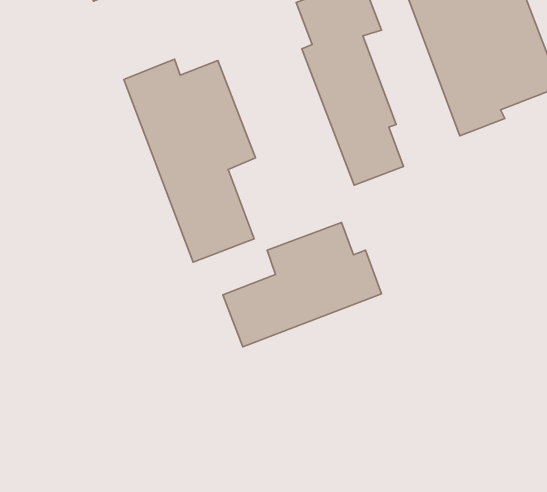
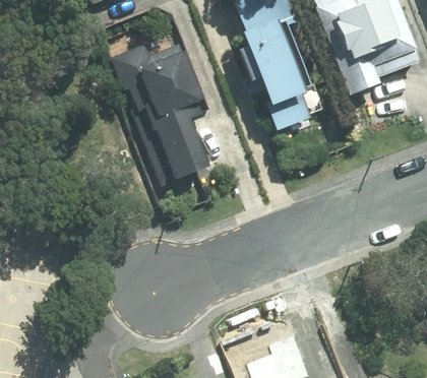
building: [223,223,382,347] -> none

